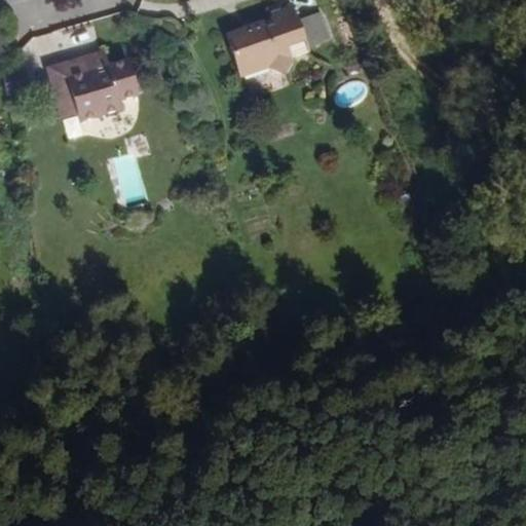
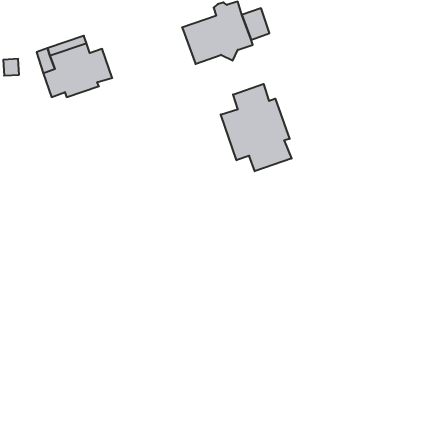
building: none -> [221,84,292,171]

